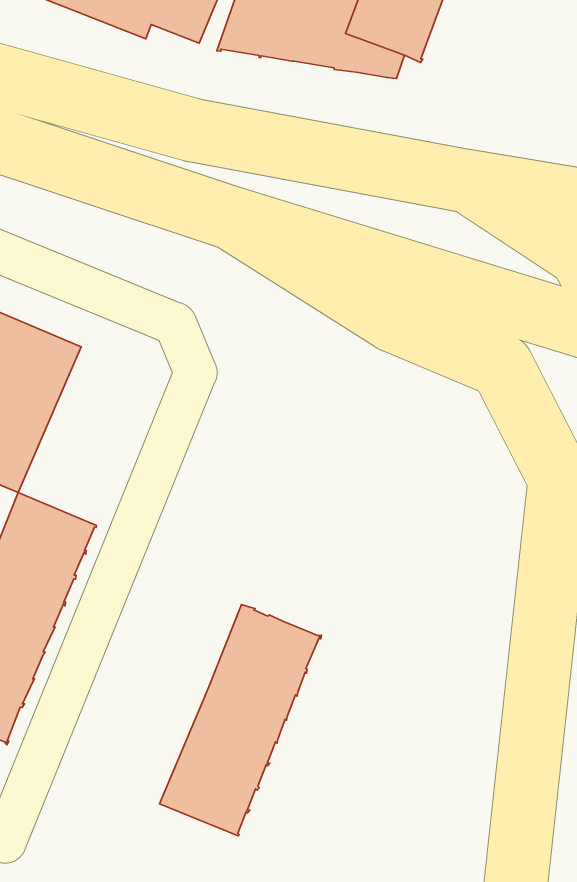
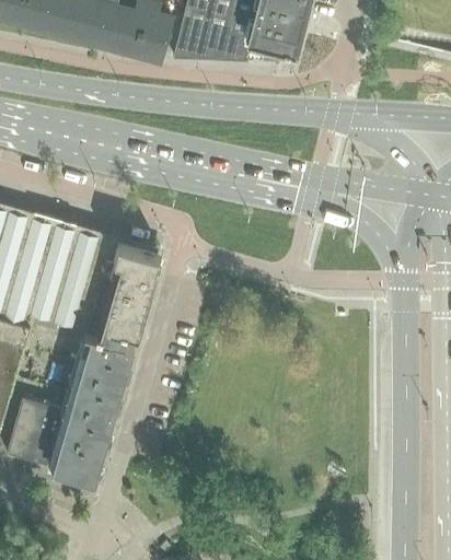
building: none -> [88,236,163,343]
building: [159,605,321,836] -> none

